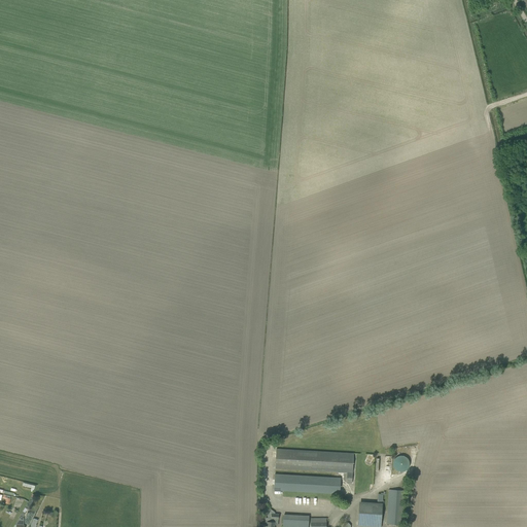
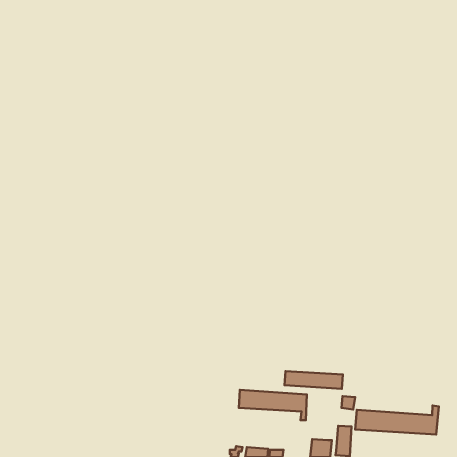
building: none -> [355,406,439,434]
building: [274,475,341,495] -> [285,371,343,389]

